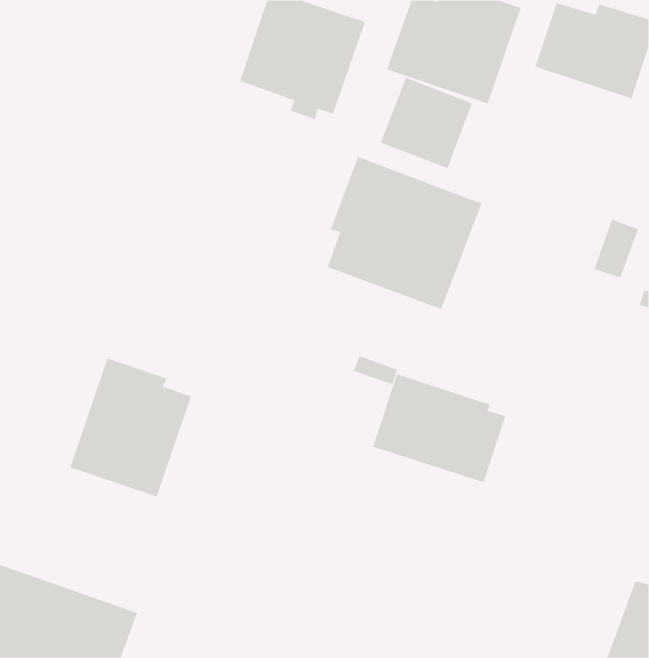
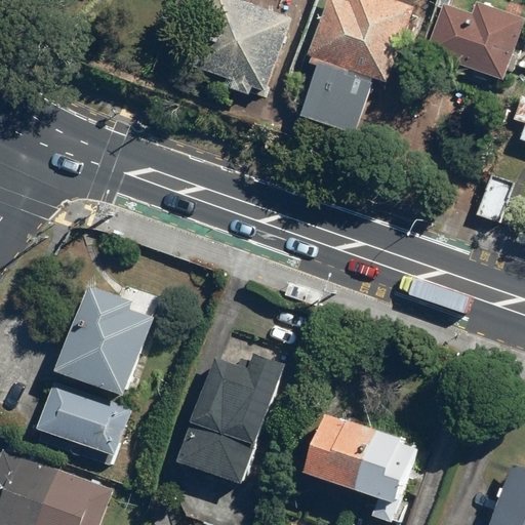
building: [327,156,482,310] -> none
building: [372,373,506,483] -> [309,413,415,500]
building: none -> [176,354,282,482]
building: none -> [35,381,130,454]

